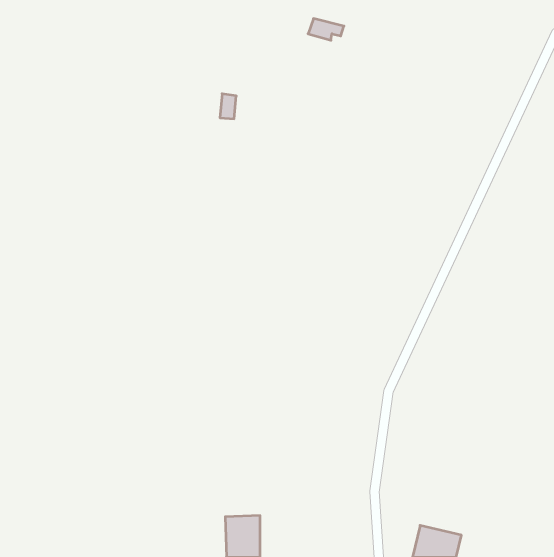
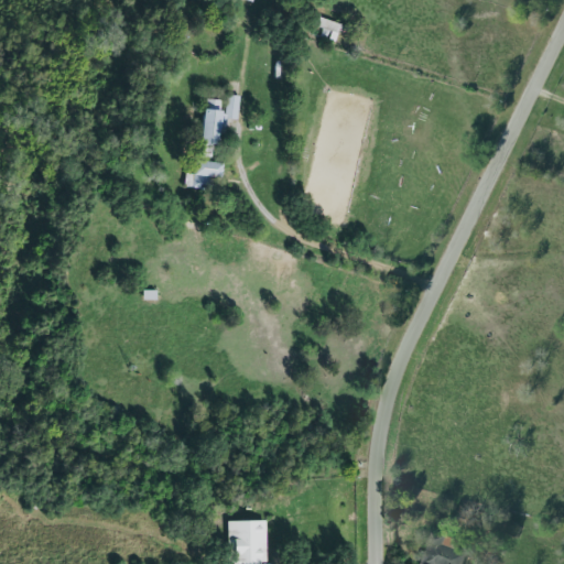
building: none -> [202,108,223,145]
building: none -> [187,161,224,189]

